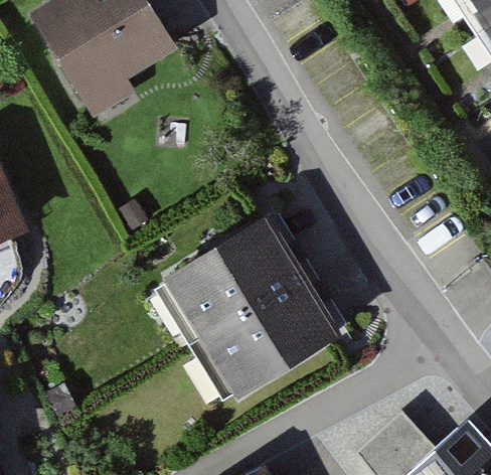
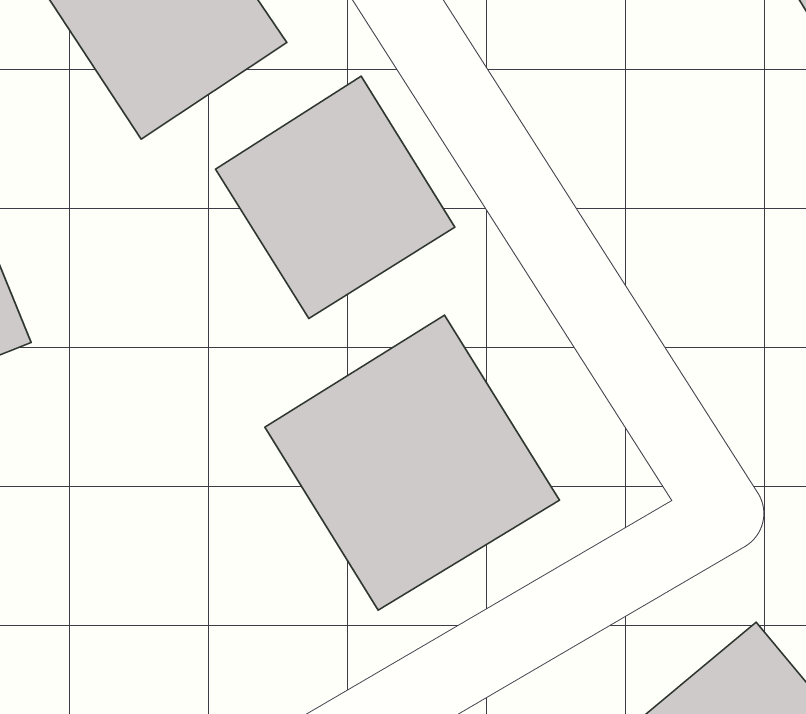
building: none -> [215,76,455,318]

